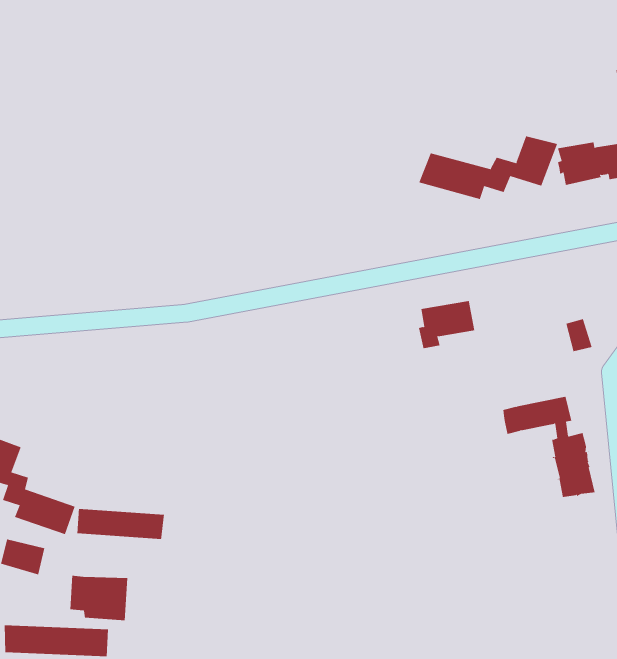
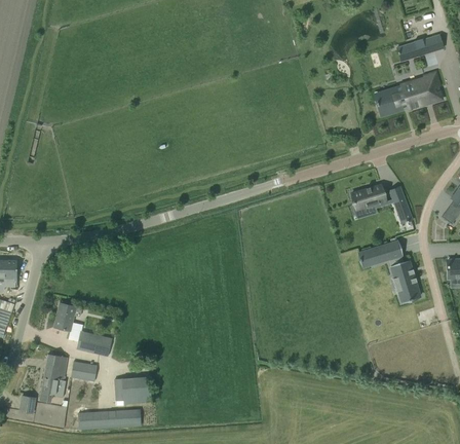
building: [418,136,558,200] -> none
building: [418,301,475,349] -> [351,184,385,216]
building: [77,508,165,540] -> none

